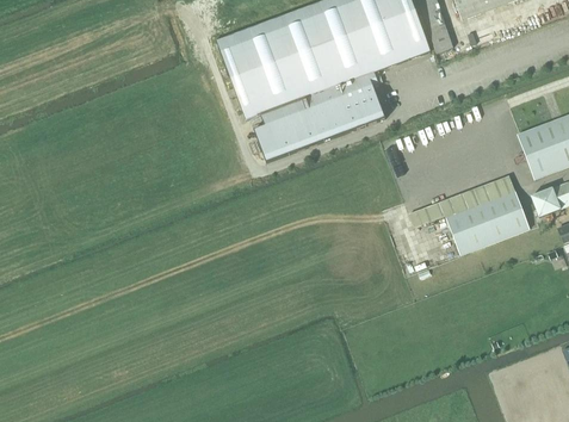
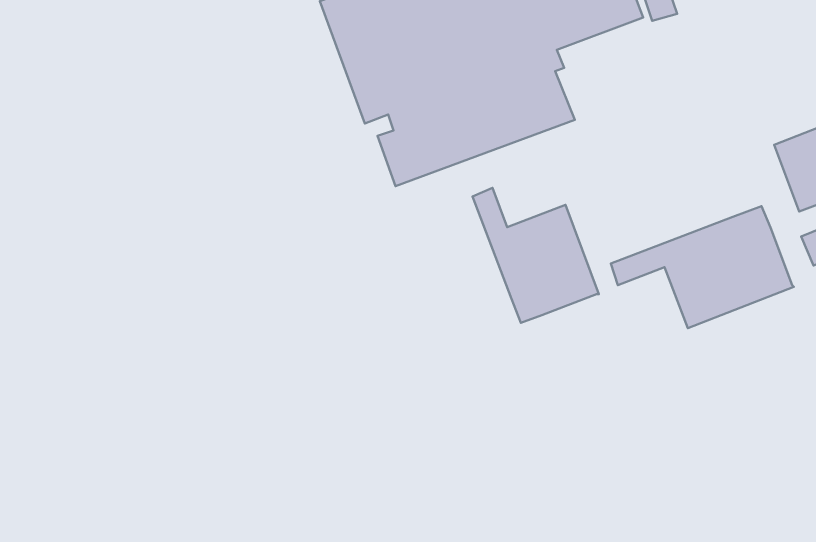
building: none -> [473,188,599,323]

